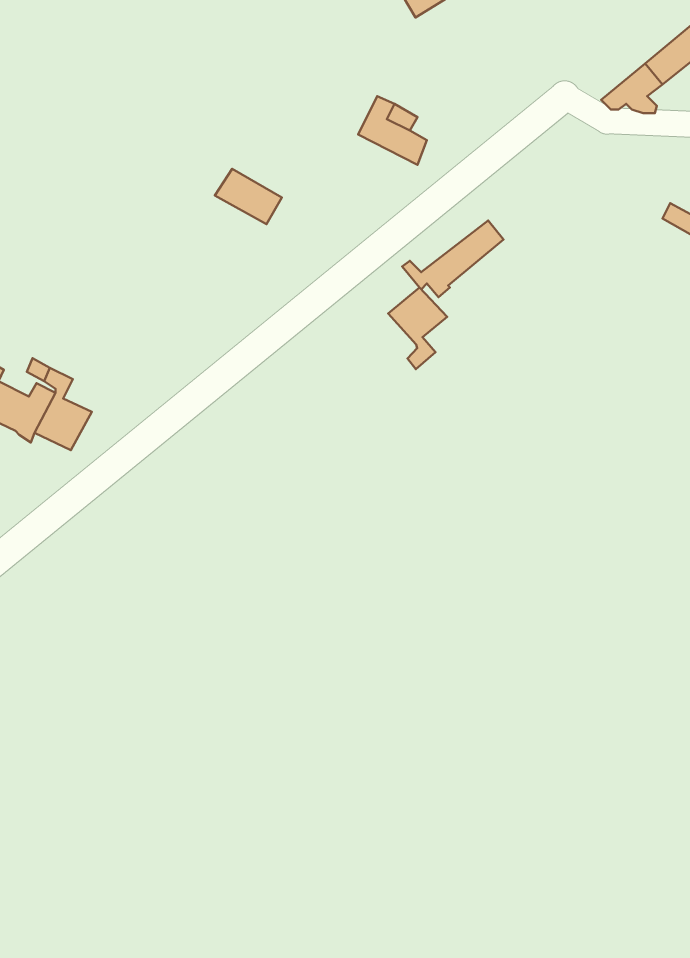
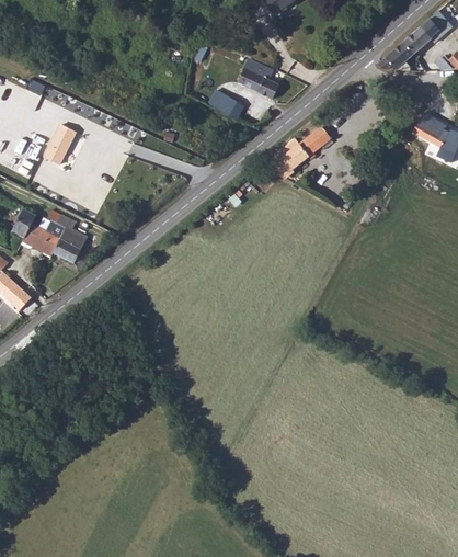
building: [215,169,282,224] -> [207,86,245,117]
building: none -> [45,122,76,161]
building: [388,288,447,369] -> none

